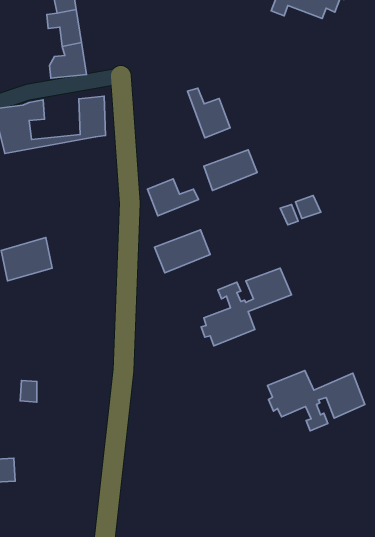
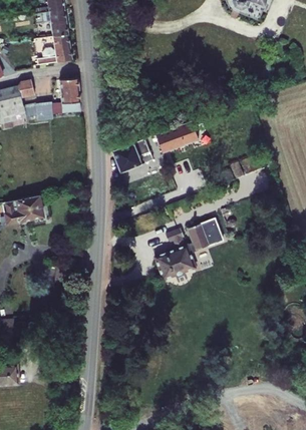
building: [187,88,230,138] -> none
building: [154,230,210,273] -> none
building: [268,370,365,431] -> none

